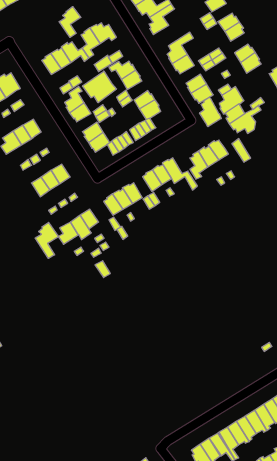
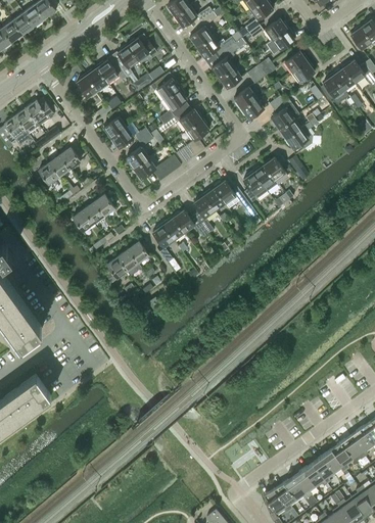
building: [59,7,81,37] -> none
building: none -> [195,37,235,59]
building: [83,71,116,103] -> none
building: [200,97,221,127] -> none
building: [35,222,58,258] -> none

